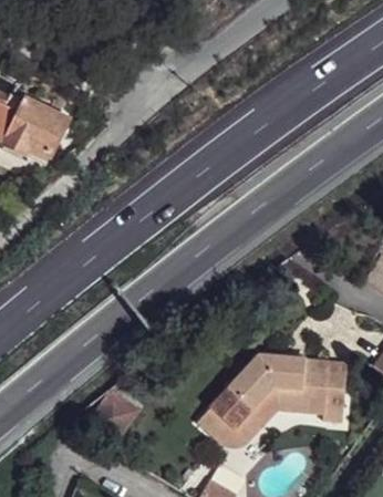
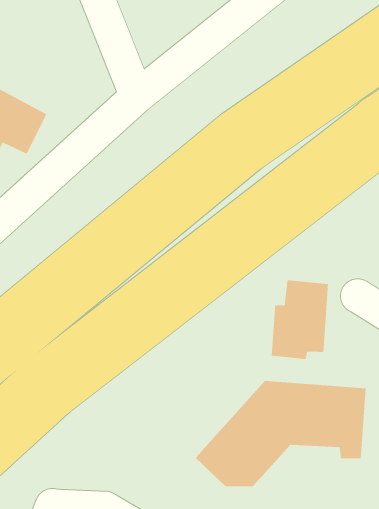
building: none -> [271,280,329,360]

